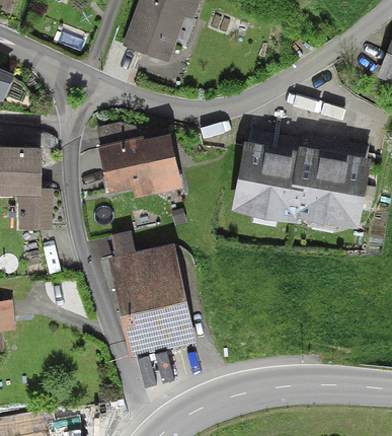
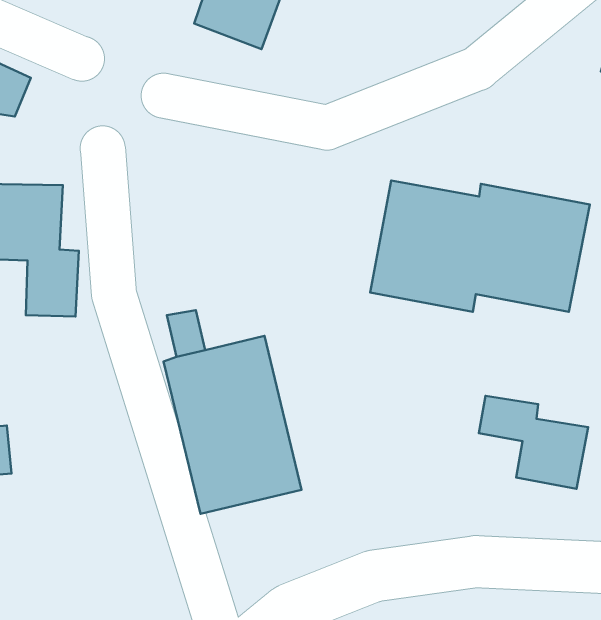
building: [96,121,189,196] -> none
building: none -> [479,396,588,489]

